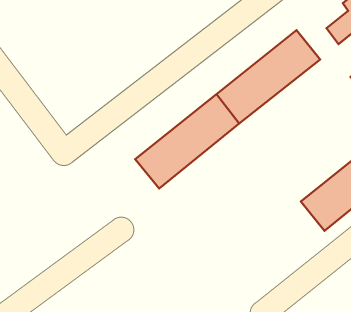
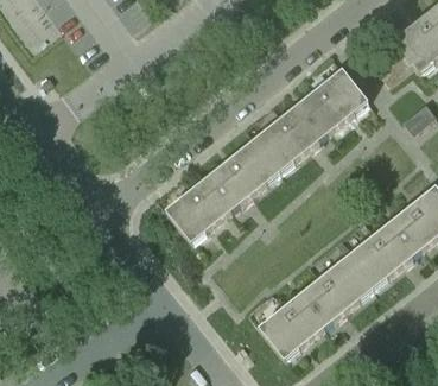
building: none -> [258,257,372,359]

